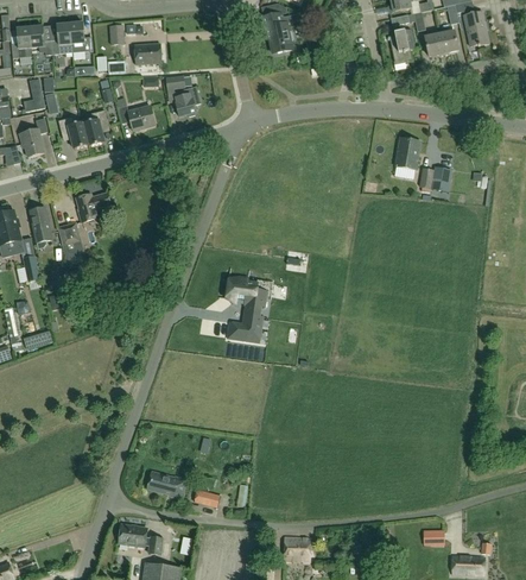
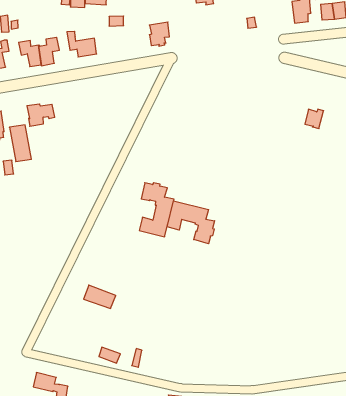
building: [173,84,199,115] -> [149,22,169,46]
building: [394,137,420,169] -> none
building: none -> [167,201,215,244]
building: [146,469,185,496] -> [84,285,116,308]

